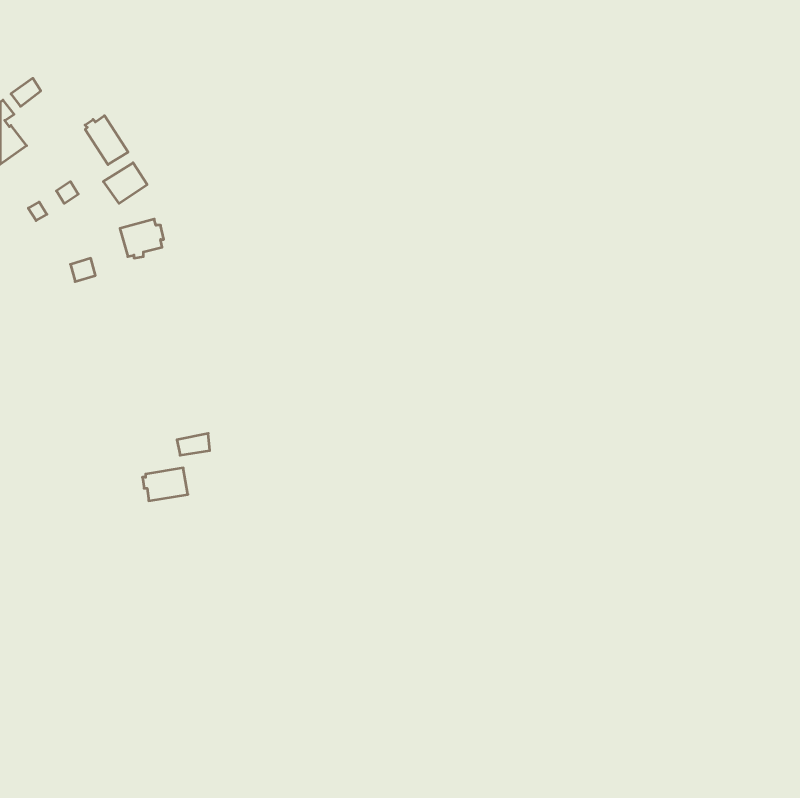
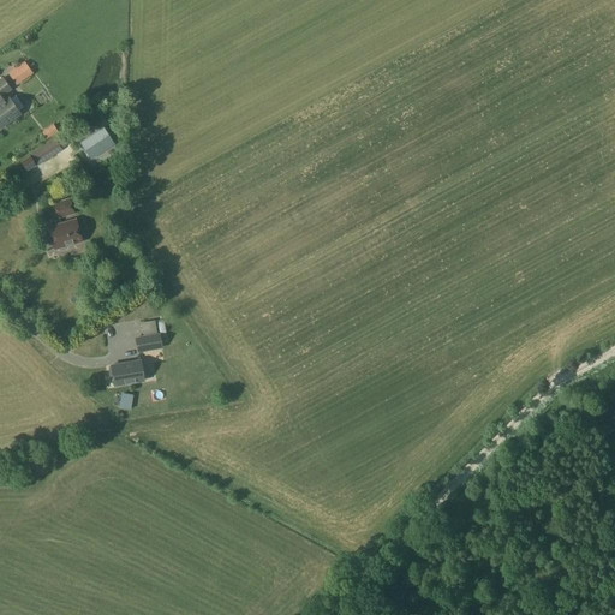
building: [85,116,128,165] -> none
building: [120,219,164,258] -> [49,219,83,249]

